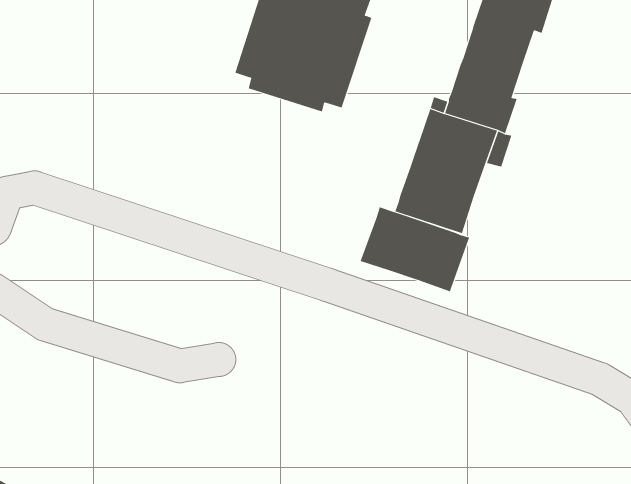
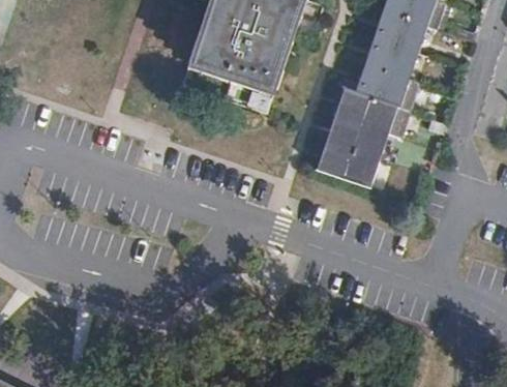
building: [360,206,470,292] -> none

